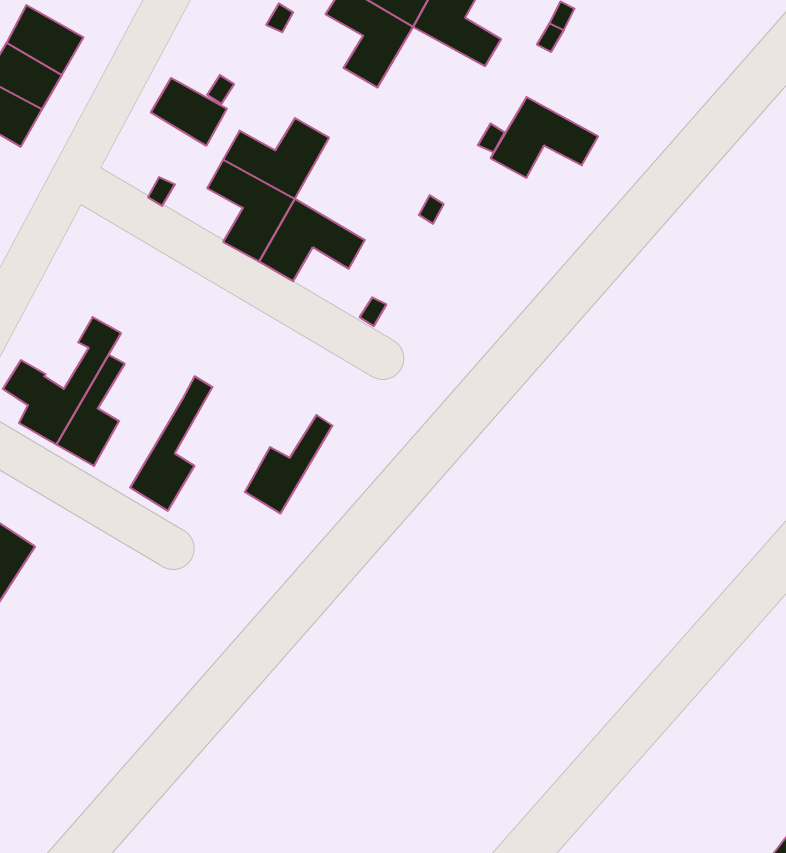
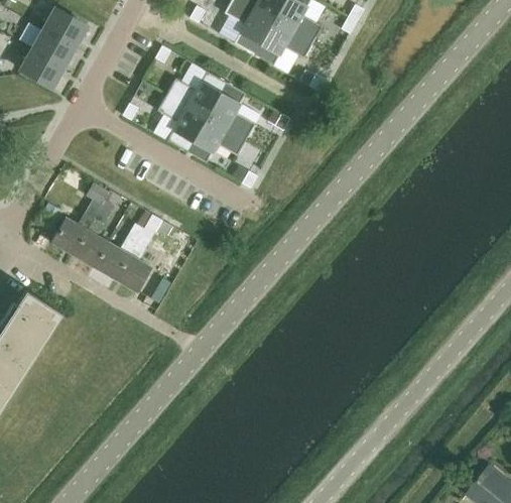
building: [151,78,227,146] -> none
building: [491,97,598,178] -> [253,20,313,66]
building: none -> [207,83,255,140]
building: [245,415,333,513] -> [94,224,143,279]

